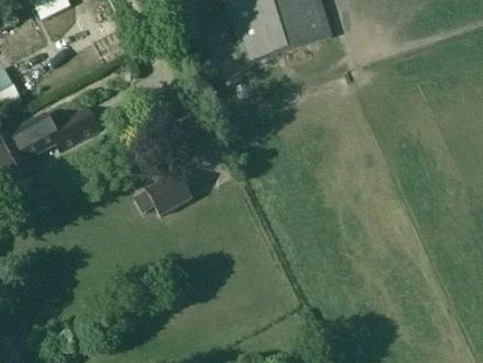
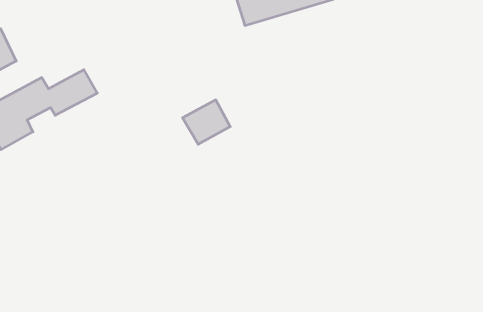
building: [144,170,191,214] -> [183,100,230,144]

